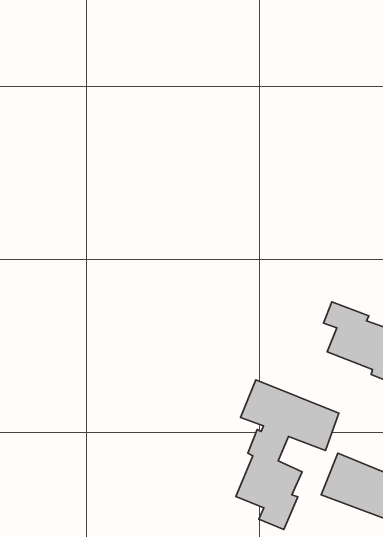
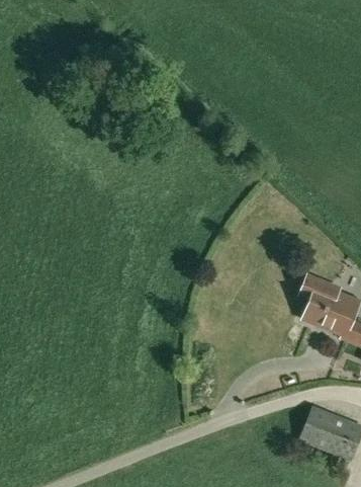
building: [236,380,339,530] -> none

